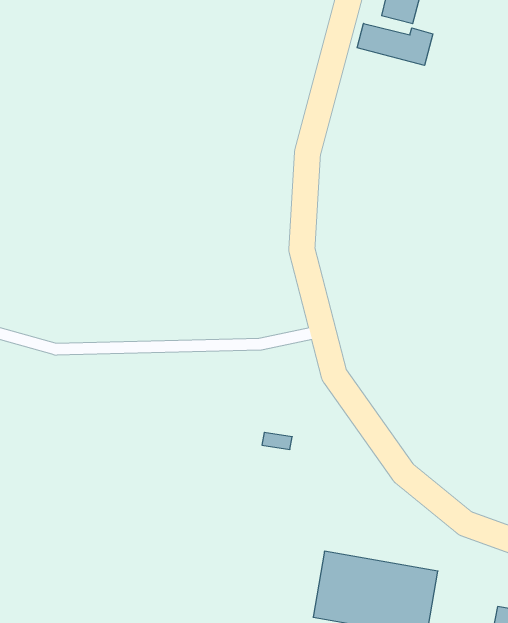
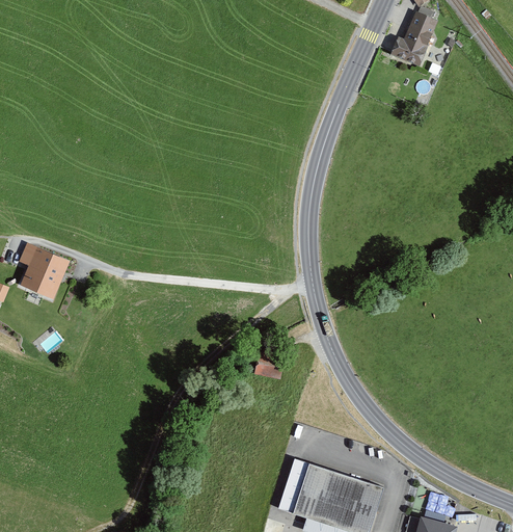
building: [357,23,433,65] -> none

